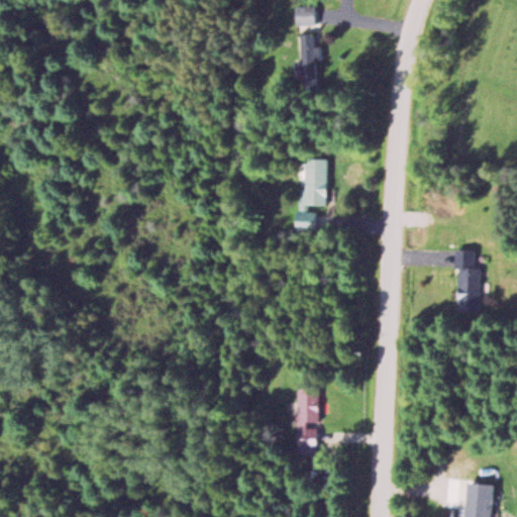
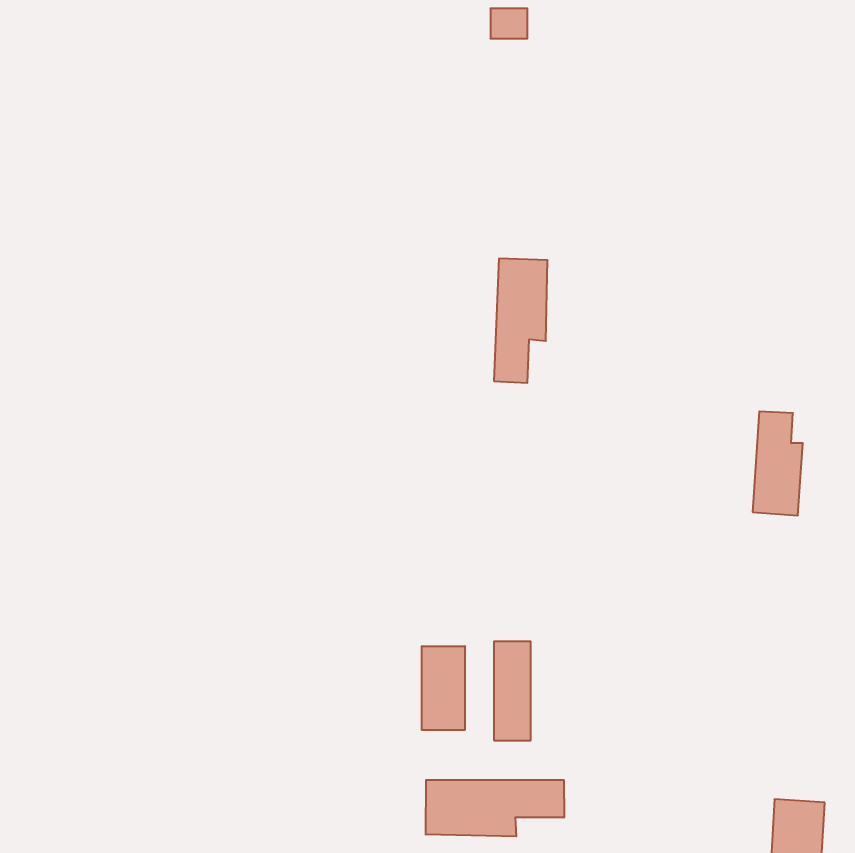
building: none -> [422,646,465,730]
building: none -> [426,780,564,836]

